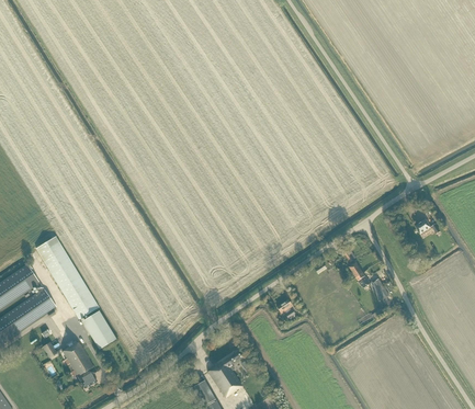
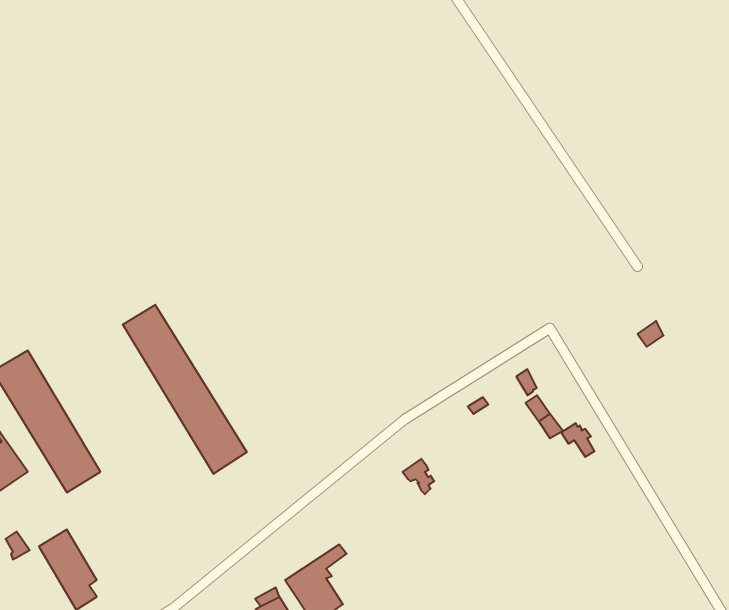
building: none -> [123,305,247,474]
building: [82,310,115,349] -> none

